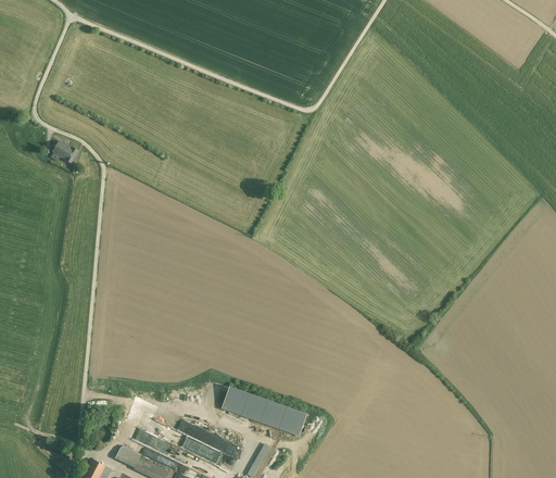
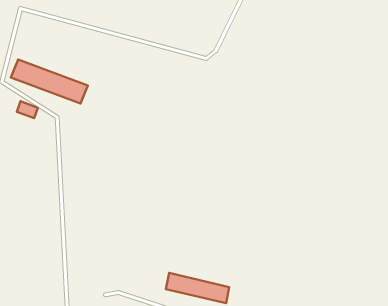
building: none -> [11,60,88,103]

